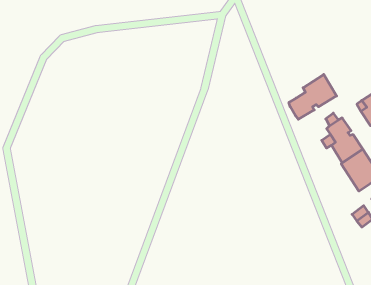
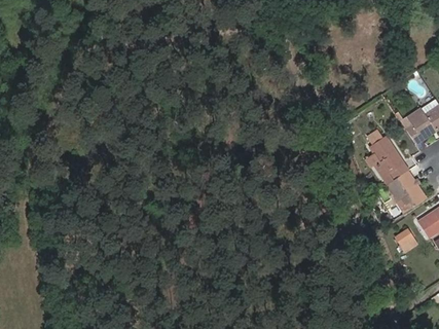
building: [289,74,337,119] -> none

